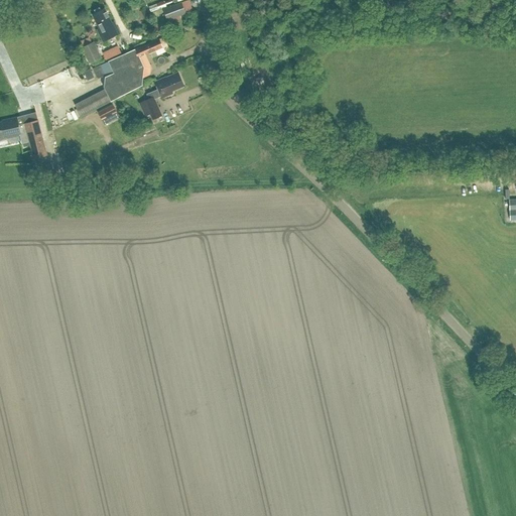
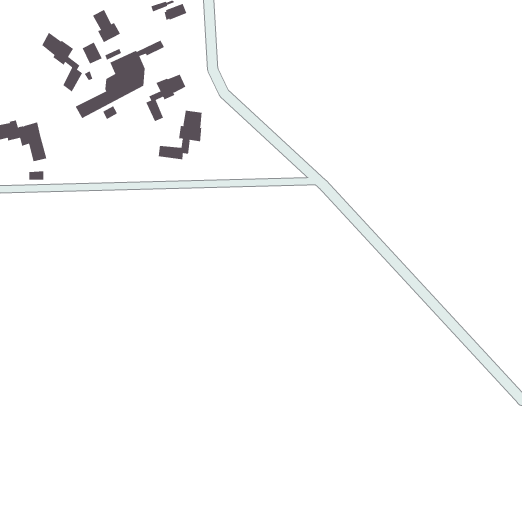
building: none -> [41,32,83,92]
building: none -> [158,110,202,160]

